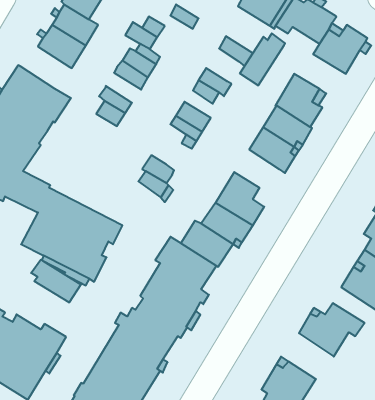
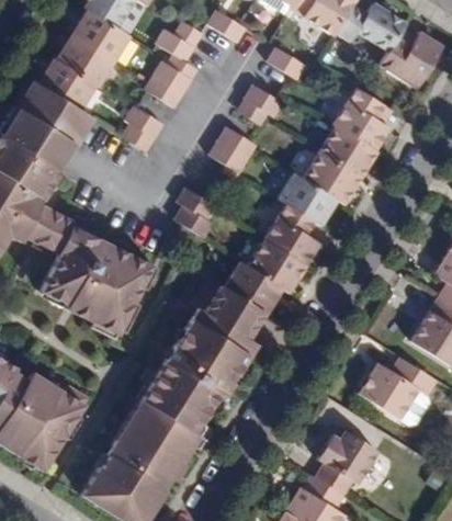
building: [240,33,285,86] -> none
building: none -> [35,55,93,107]
building: none -> [279,174,338,228]
building: [31,260,81,303] -> none

